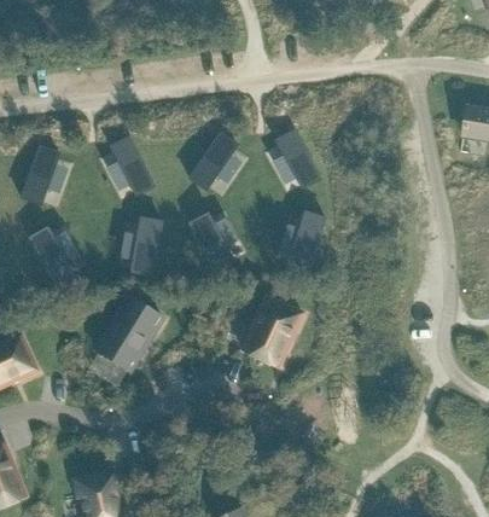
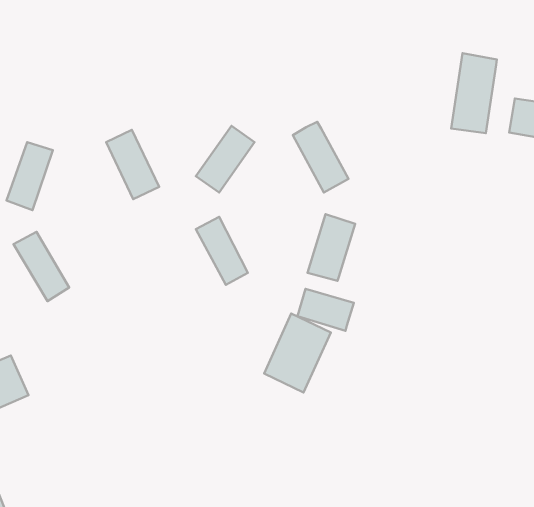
building: none -> [451,53,497,133]
building: [124,216,161,275] -> none
building: none -> [297,289,354,331]
building: [97,298,162,371] -> none

